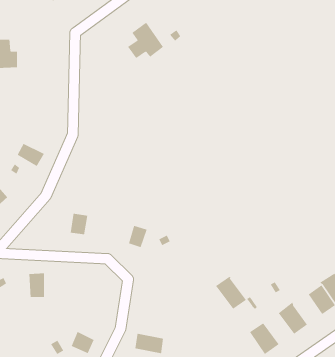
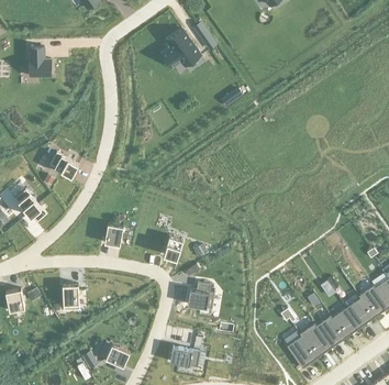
building: none -> [186,280,212,308]
building: [216,276,247,310] -> [298,322,330,356]
building: none -> [330,306,358,337]

